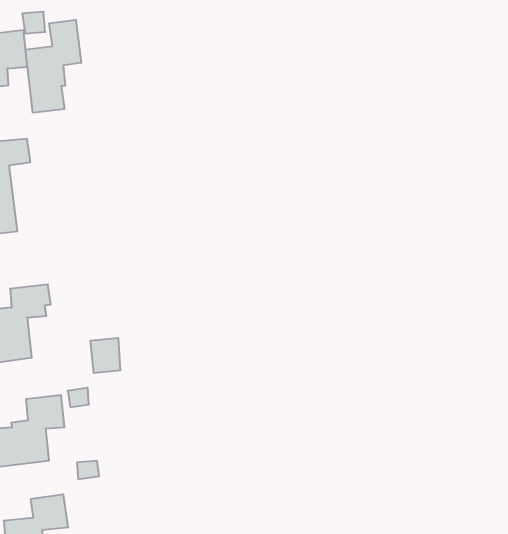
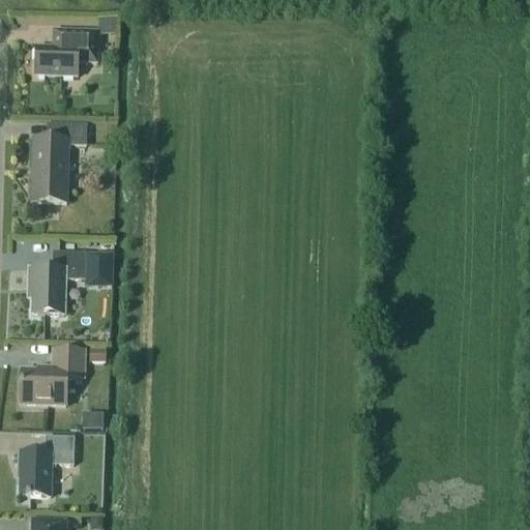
building: [26,20,81,113] -> none
building: [90,338,121,373] -> [86,251,112,279]

